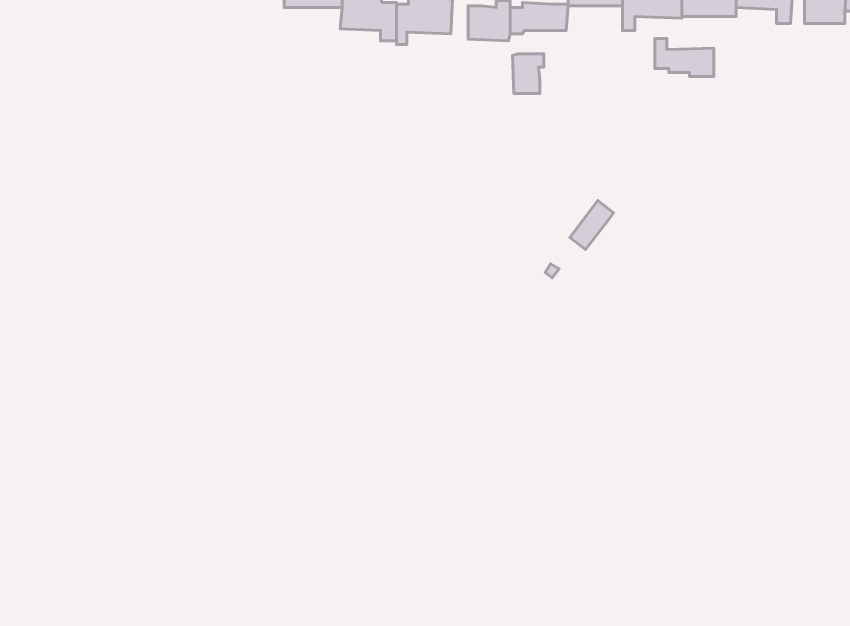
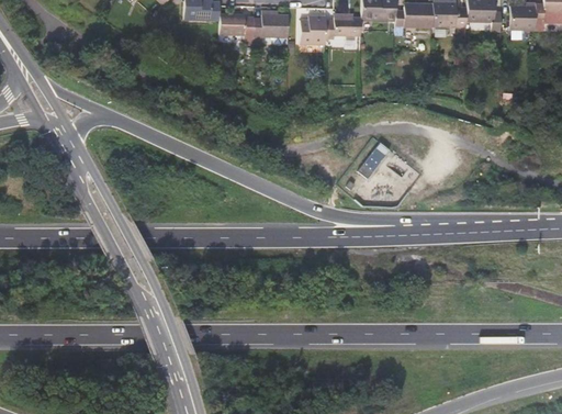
building: [655,39,714,77] -> none
building: [512,54,544,94] -> none

